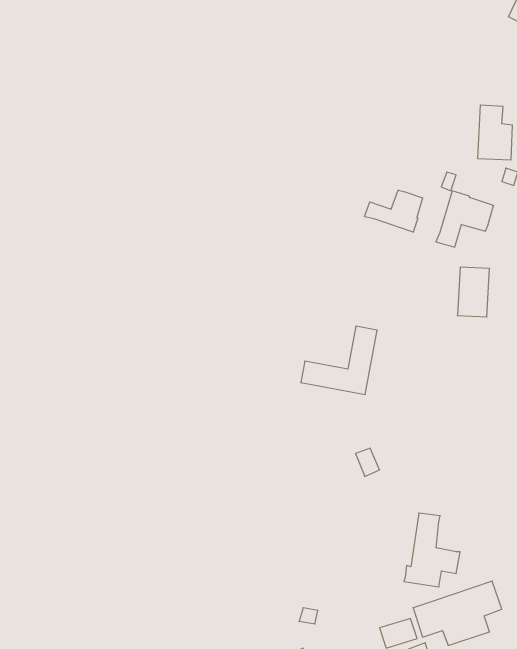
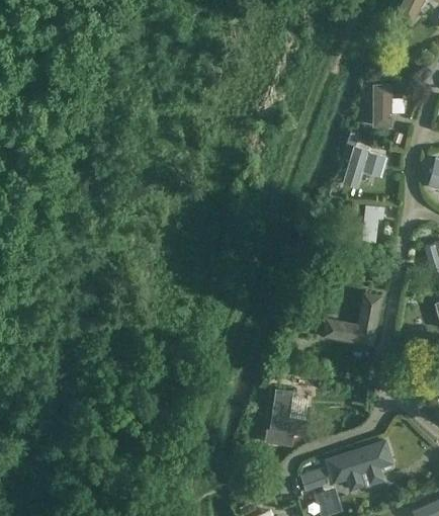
building: [365,190,423,232] -> none
building: [301,326,377,395] -> [324,292,381,344]
building: [404,513,460,587] -> [265,390,308,445]

